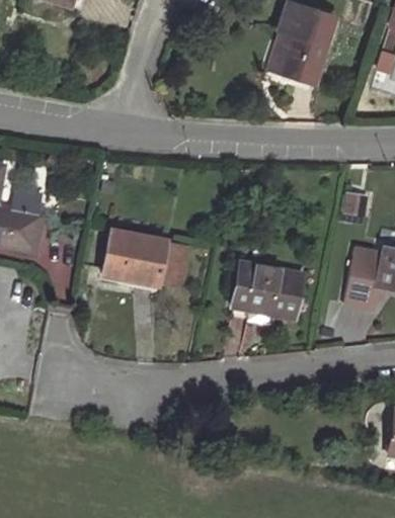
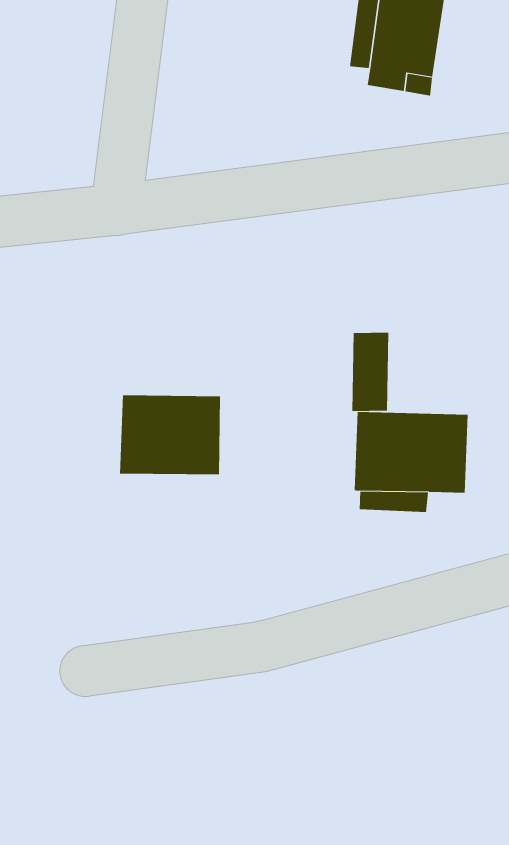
building: [158,241,186,287] -> [351,332,389,412]

